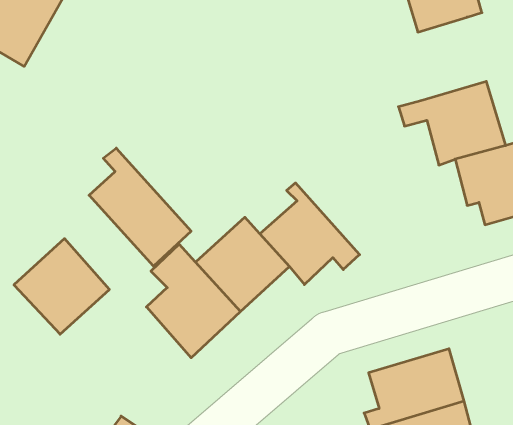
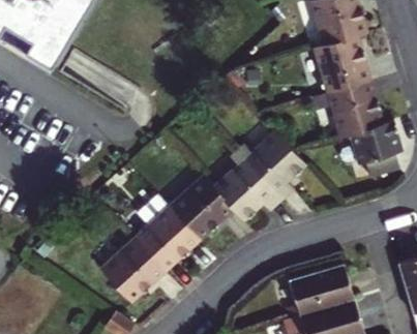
building: none -> [310,36,369,94]
building: [89,148,191,266] -> none
building: none -> [237,130,304,201]
building: [14,239,109,334] -> [98,237,165,303]

